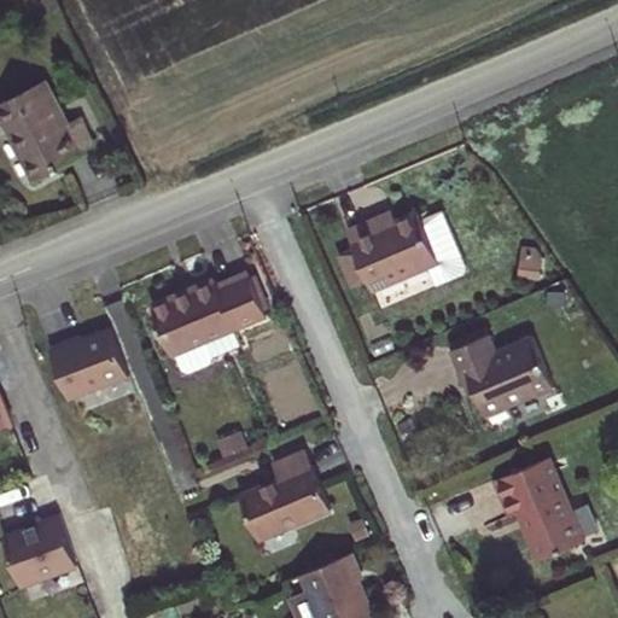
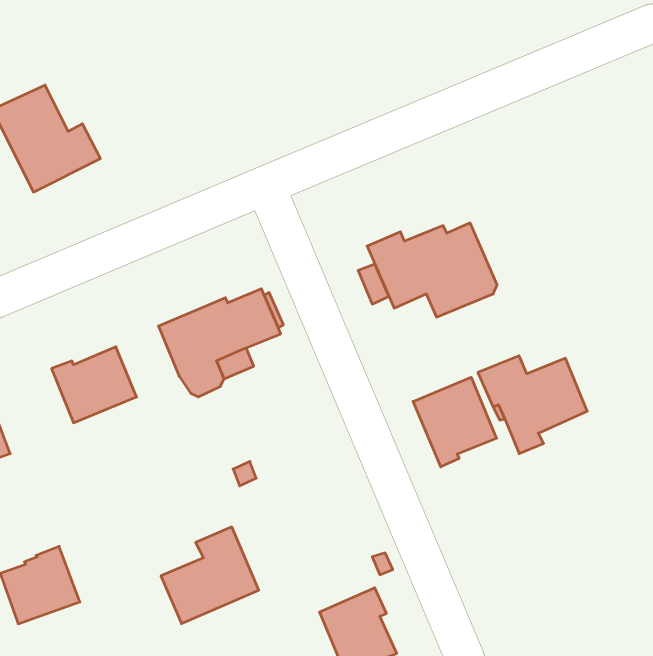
building: none -> [413,377,497,467]
building: [238,450,330,541] -> [161,527,259,624]
building: [490,459,582,561] -> none

